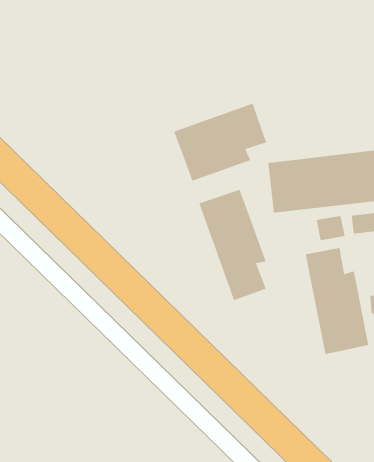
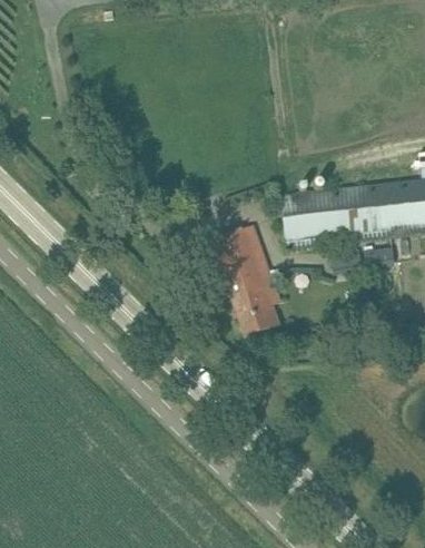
building: [174,103,267,181] -> none
building: [305,247,369,355] -> none

